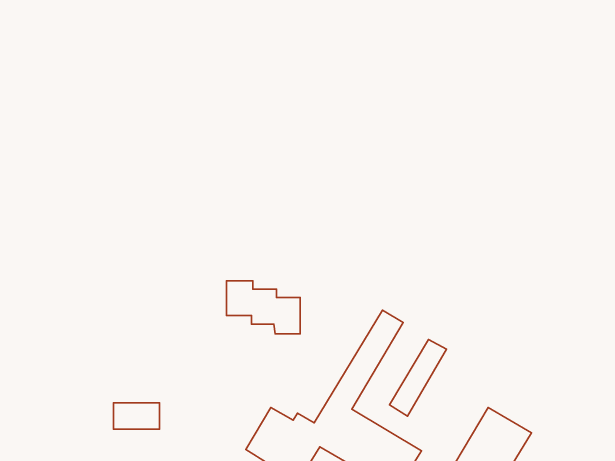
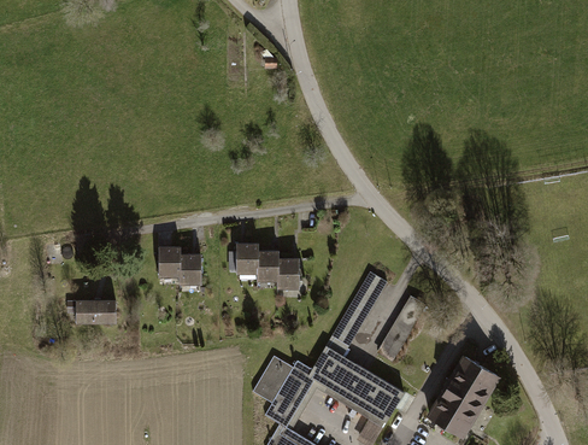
building: none -> [159,250,201,285]
building: [113,403,159,429] -> [76,300,116,323]

